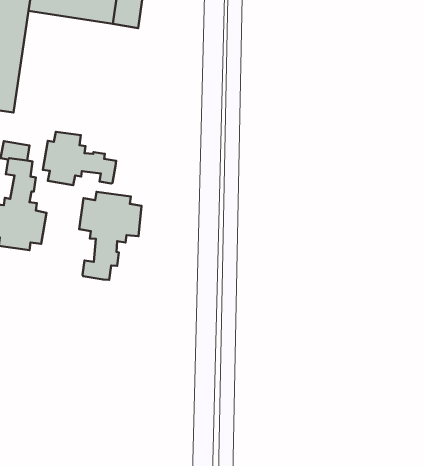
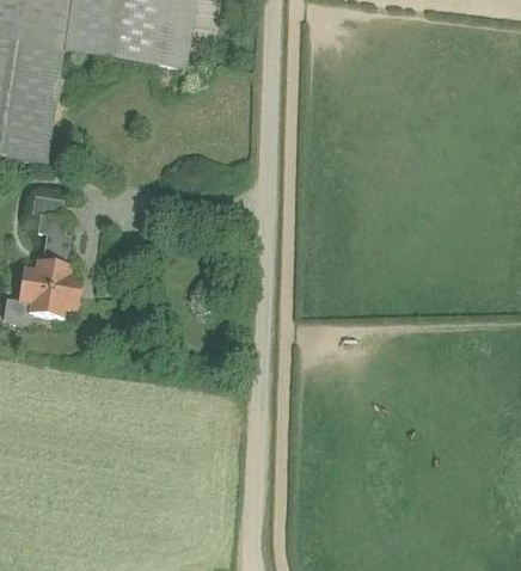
building: [43,132,116,185] -> none
building: [79,192,142,280] -> none

